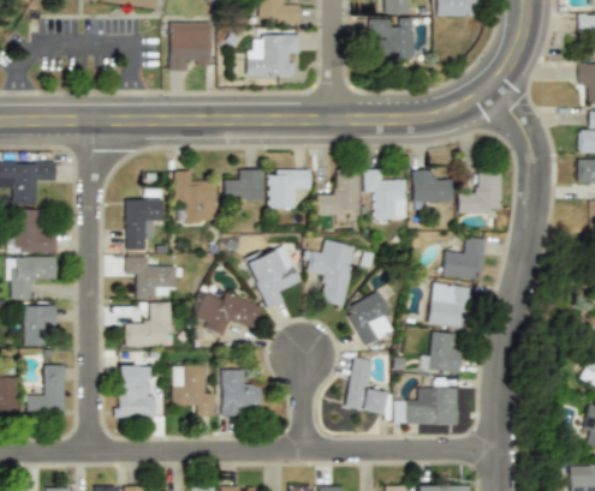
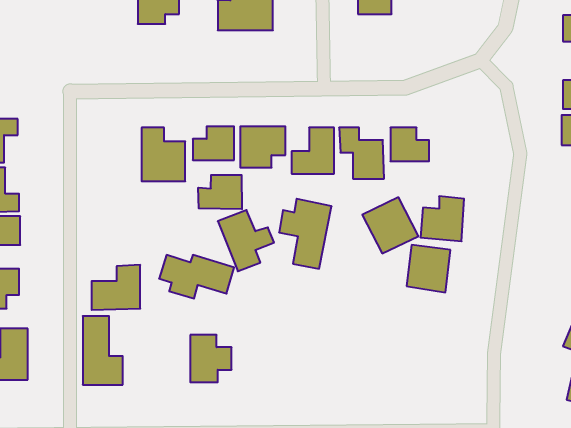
building: [458,174,500,212] -> none
building: [125,199,169,250] -> none
building: none -> [198,175,242,209]
building: [125,255,177,298] -> none
building: [345,292,399,346] -> [362,197,418,253]
building: [422,330,463,375] -> none
building: [345,357,386,414] -> none
building: [173,365,214,415] -> none
building: [395,388,454,425] -> none

